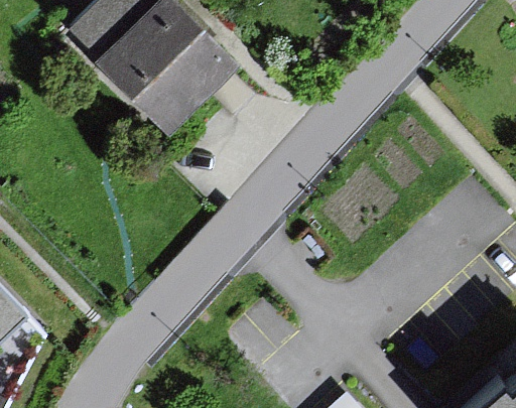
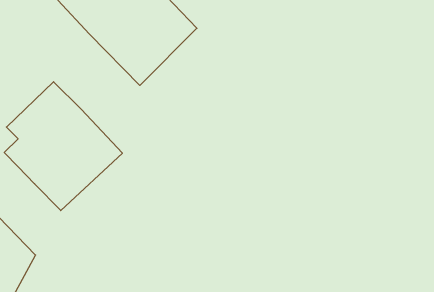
building: none -> [4,82,122,211]

